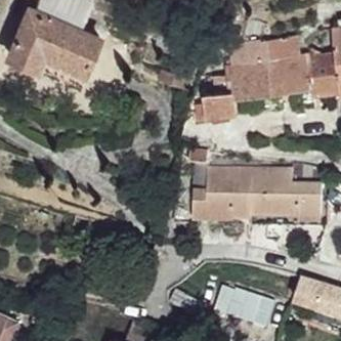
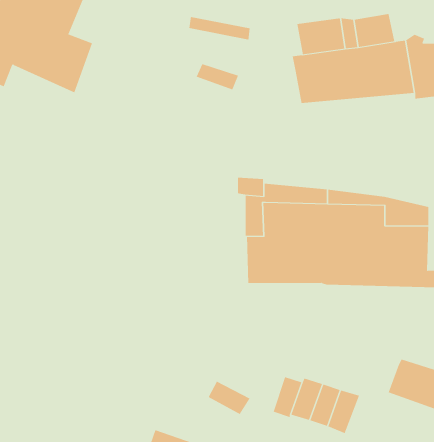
building: [197,76,236,120] -> none

